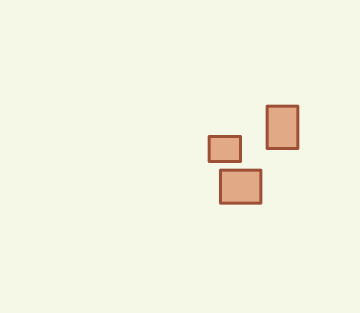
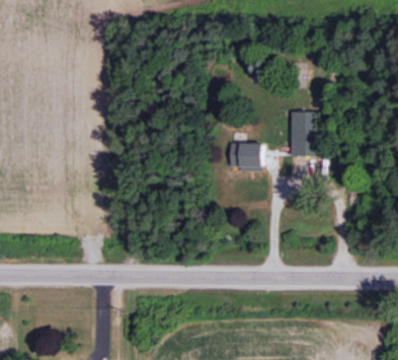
building: [221,170,261,203] -> none

